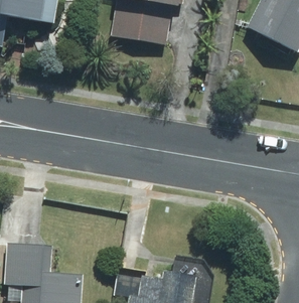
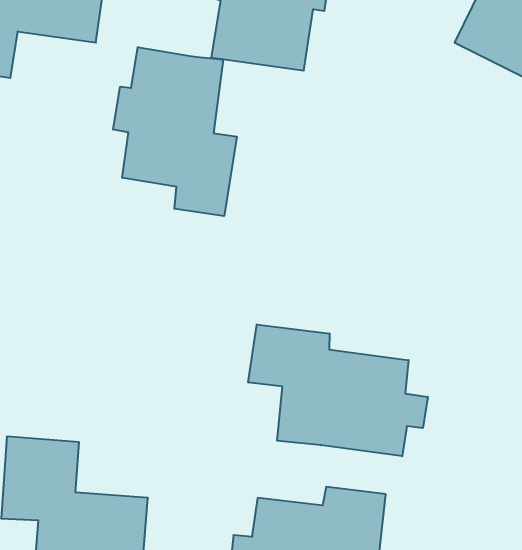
building: none -> [113,47,237,216]
building: none -> [248,324,428,456]

